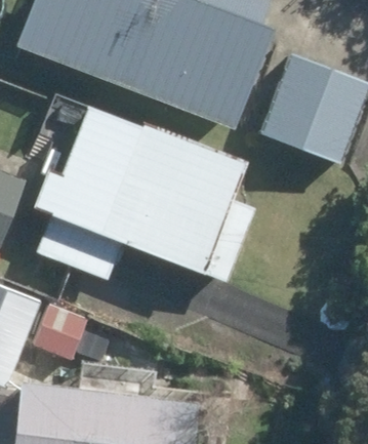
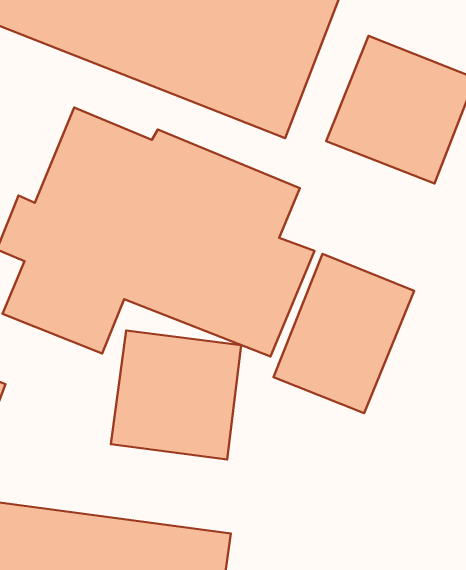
building: none -> [274,254,414,413]
building: none -> [111,330,241,460]

